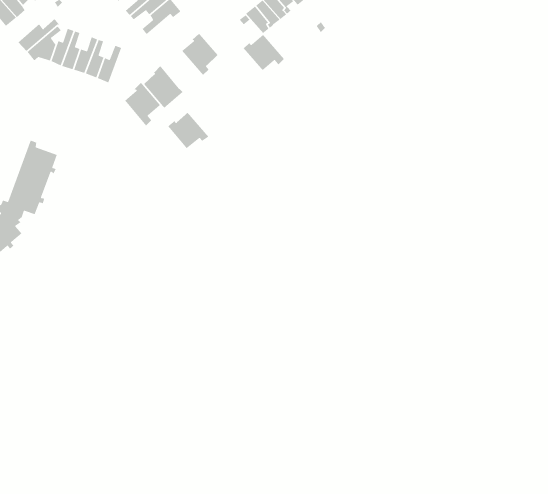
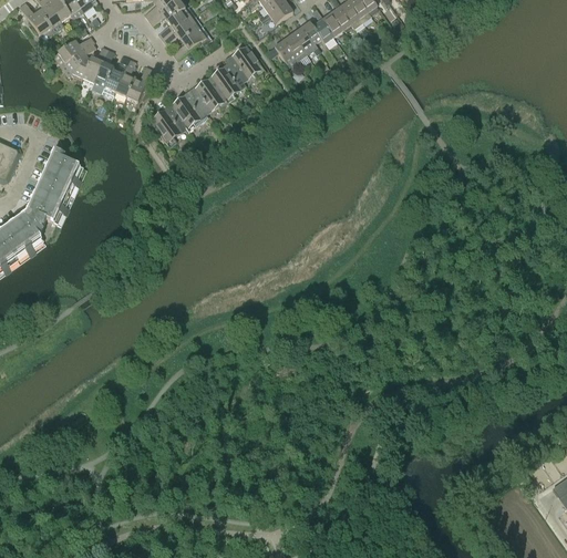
building: [242,34,285,74] -> [224,44,264,83]
building: [167,112,210,149] -> [187,76,227,112]

